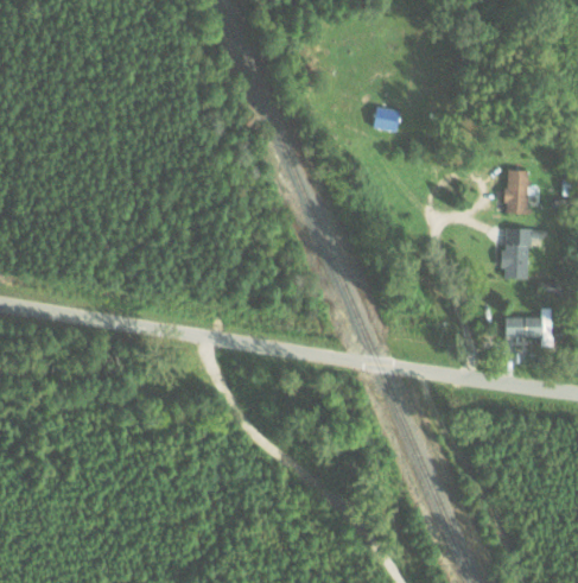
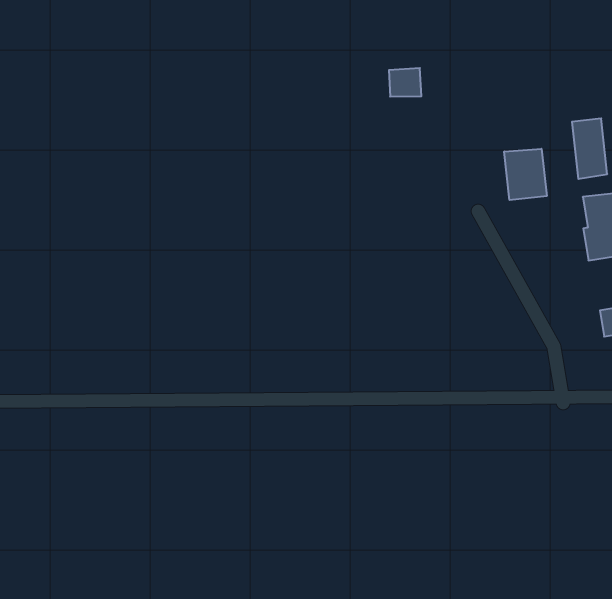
building: none -> [504,149,547,200]

